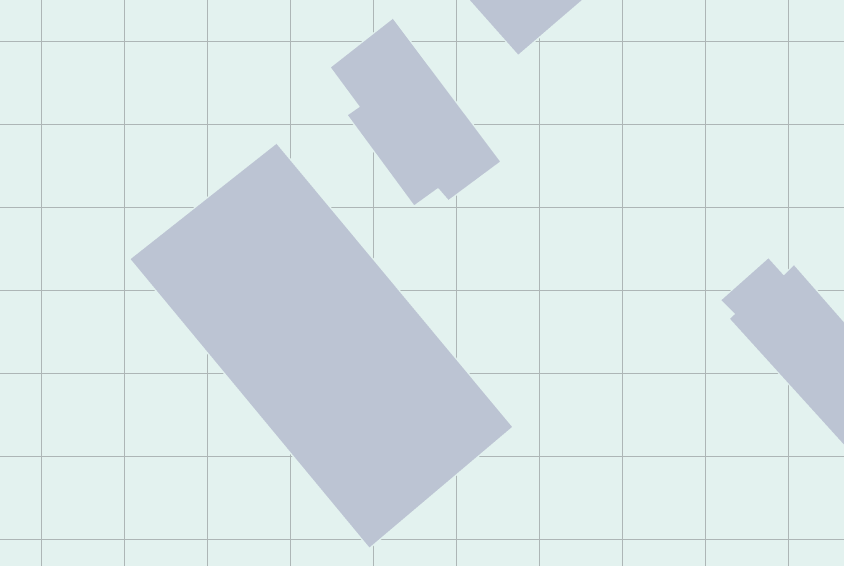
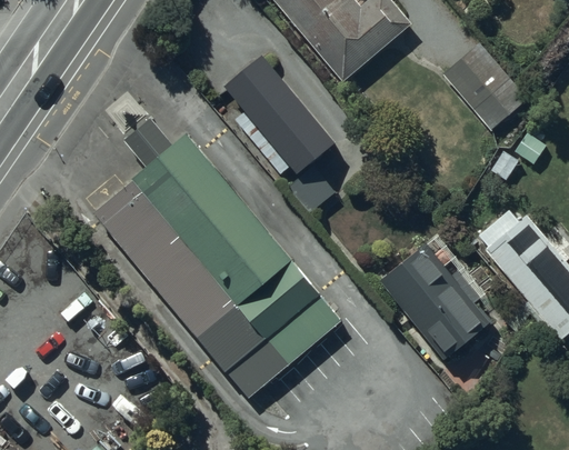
building: none -> [440,49,517,128]
building: none -> [382,239,488,357]

